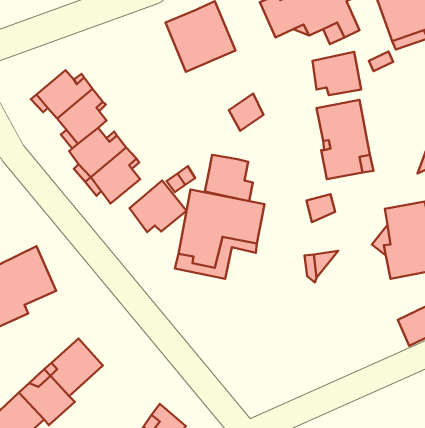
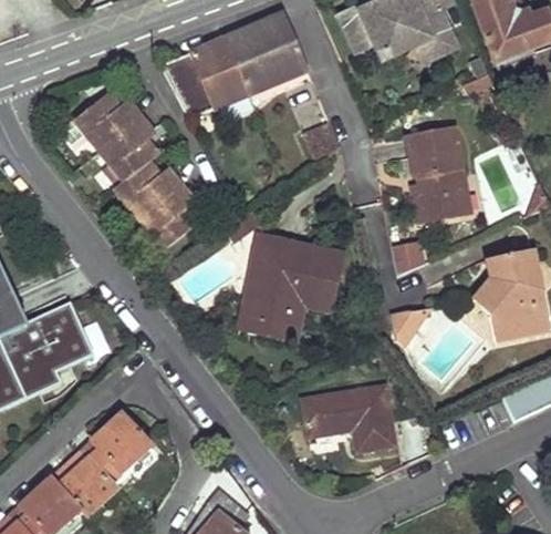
building: none -> [162,35,250,117]
building: [313,52,361,95] -> none
building: [205,155,253,201] -> none
building: [130,180,187,232] -> none
building: none -> [303,383,396,450]

